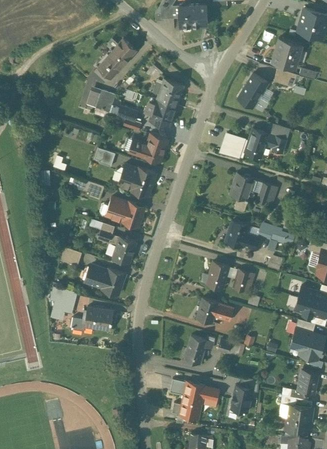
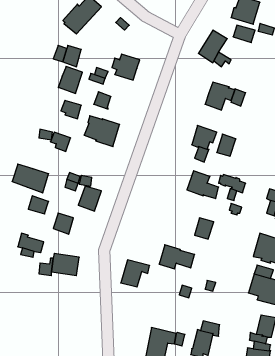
building: [154,79,183,106] -> none
building: [219,133,248,159] -> none
building: [142,134,167,162] -> [58,66,82,93]
building: [106,197,144,227] -> [12,164,49,193]
building: [206,262,229,289] -> none
building: [101,269,125,294] -> none
building: [183,336,213,364] -> [121,260,150,287]

